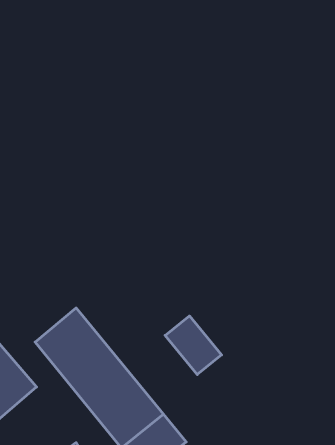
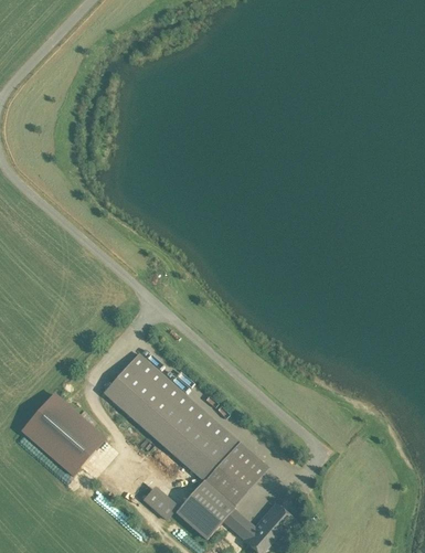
building: [165,316,222,375] -> none

